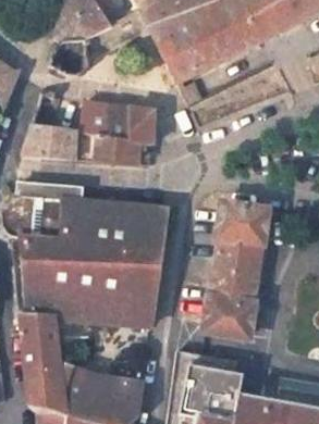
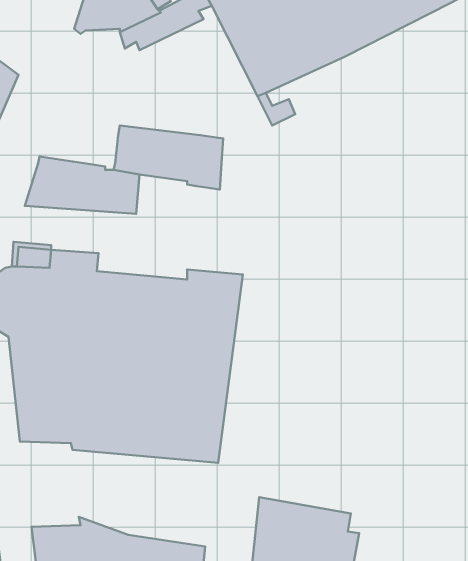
building: [96,136,136,164] -> none
building: [205,205,267,336] -> none
building: [19,313,59,370] -> none

